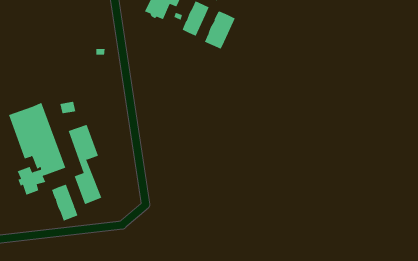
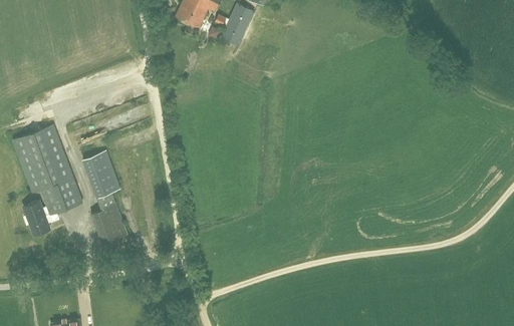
building: [204,10,236,50] -> none
building: [52,184,78,221] -> none

